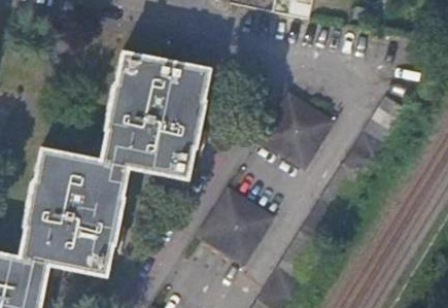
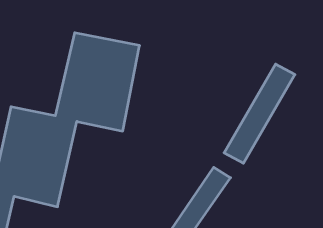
building: [260,91,336,169] -> none
building: [197,185,276,265] -> none

